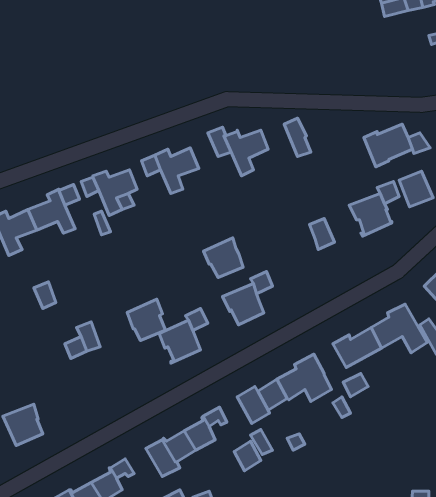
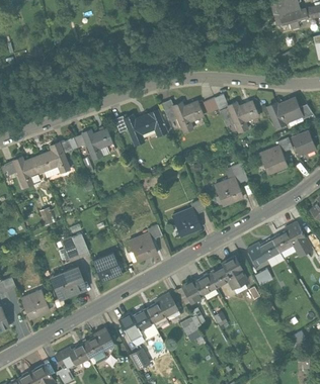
building: none -> [228,102,258,133]
building: [203,238,243,278] -> [215,177,242,204]
building: [127,299,166,341] -> [93,253,119,281]
building: none -> [50,268,85,298]

